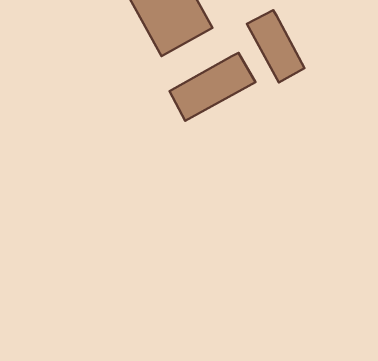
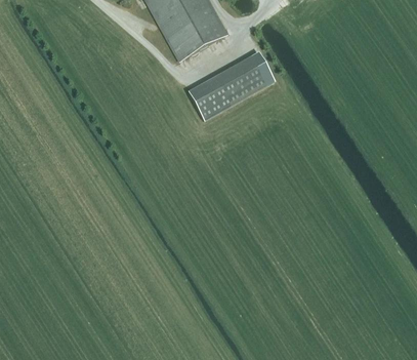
building: [247,10,304,82] -> none

